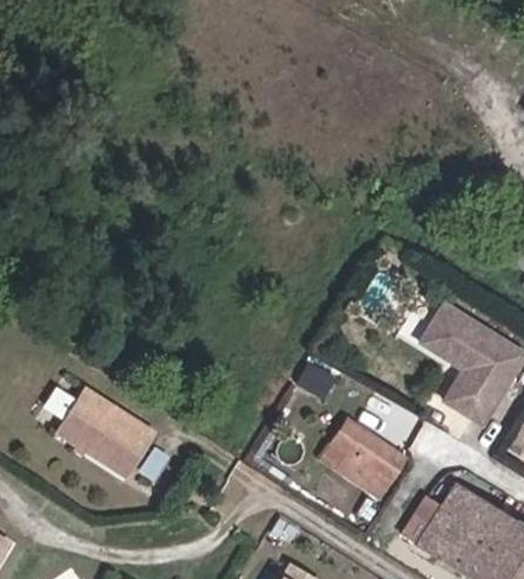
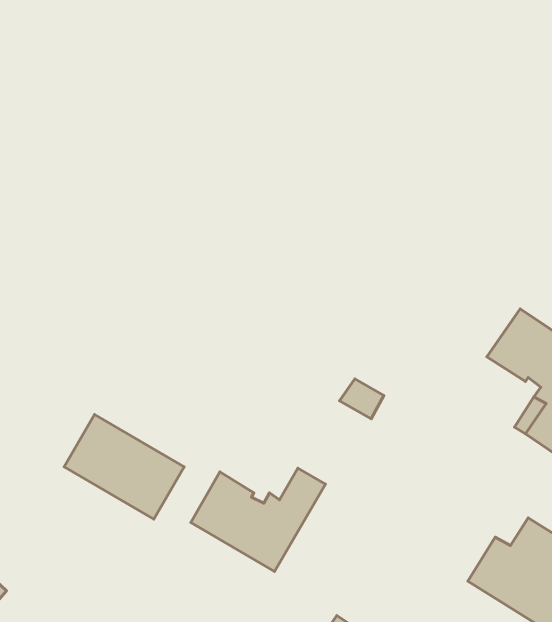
building: [331,419,403,494] -> none
building: none -> [191,468,326,572]

